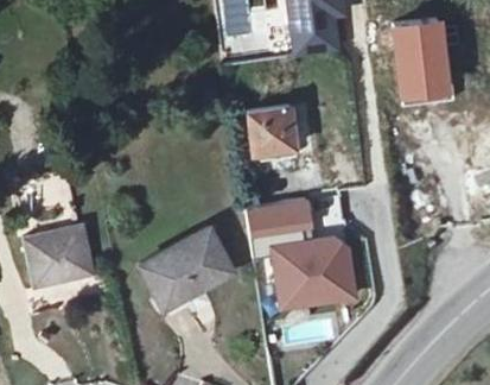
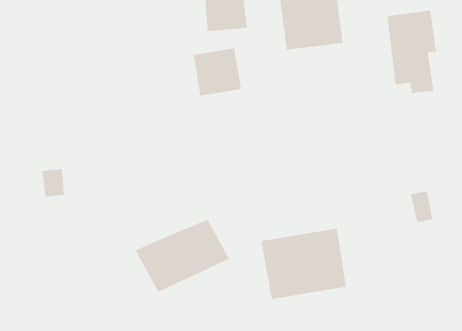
building: [255,102,305,152] -> [193,47,242,96]
building: [248,202,307,234] -> none
building: [25,226,96,292] -> none

